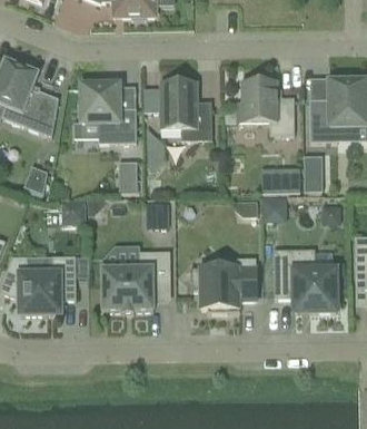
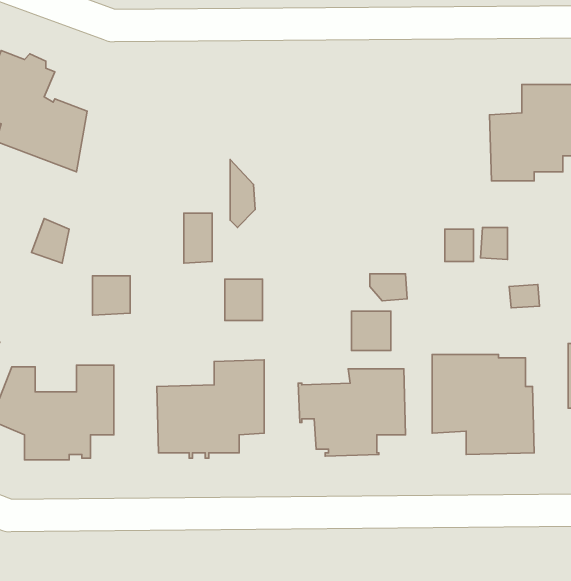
building: [237,78,294,135] -> none
building: [78,80,136,142] -> none
building: [142,82,211,139] -> none
building: [261,195,286,220] -> [351,311,391,350]

